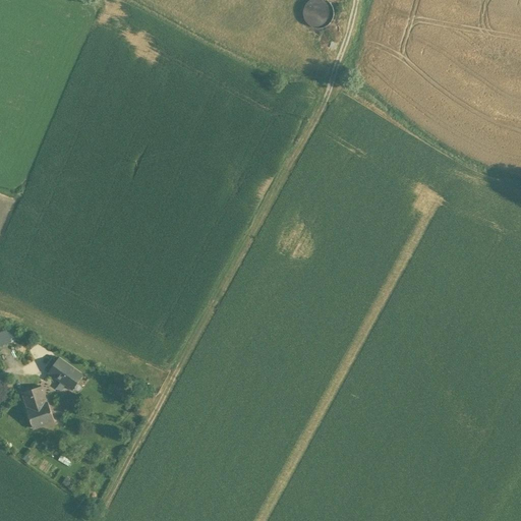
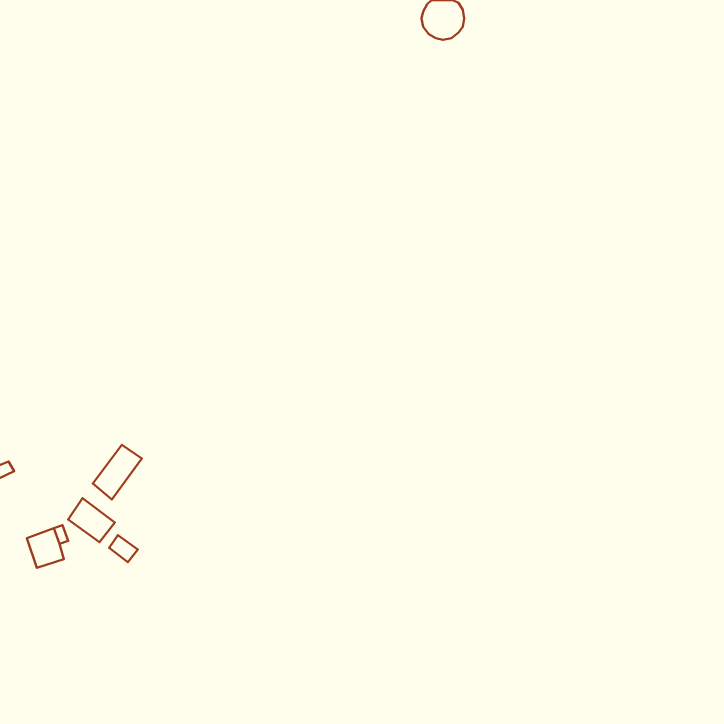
building: none -> [93,445,142,499]
building: [26,402,53,426] -> none

